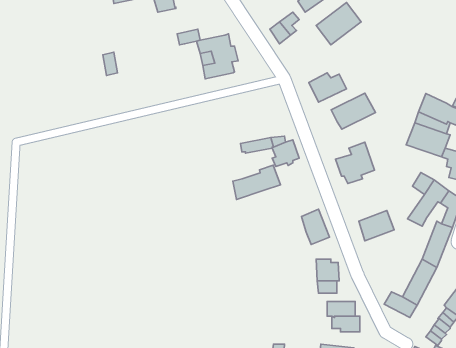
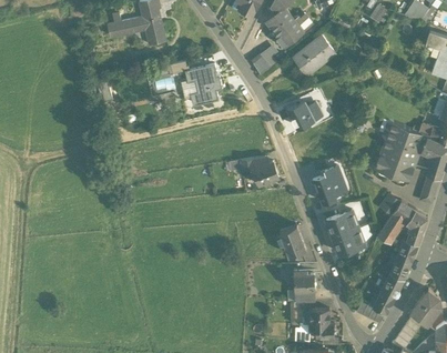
building: [331,93,376,129] -> none
building: [233,165,281,200] -> none
building: none -> [325,209,357,236]

